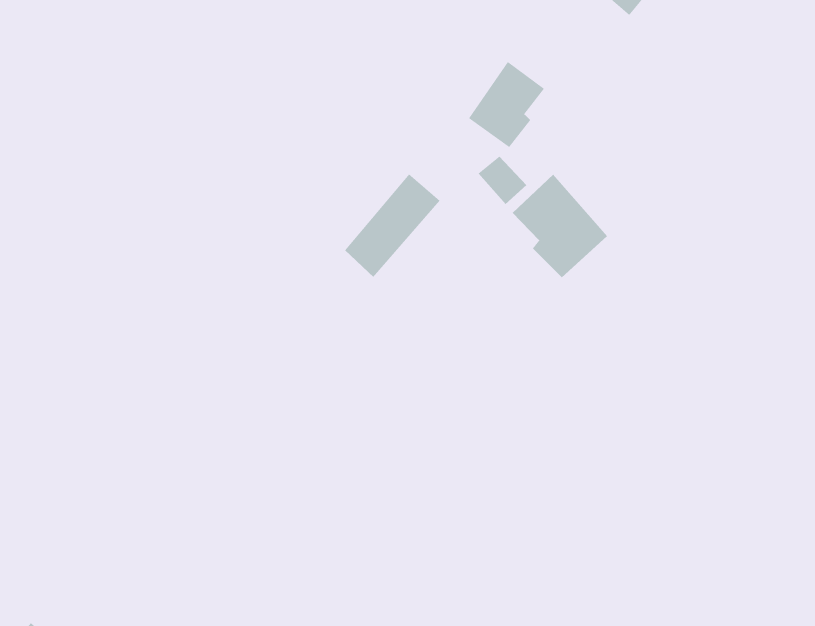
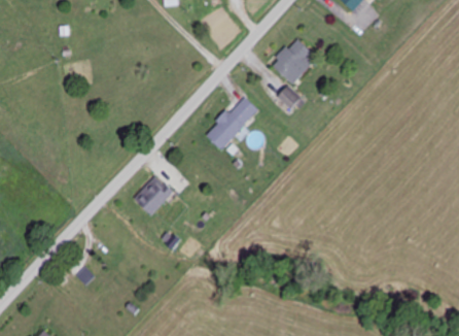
building: [512,174,608,278] -> none
building: none -> [133,176,173,215]

